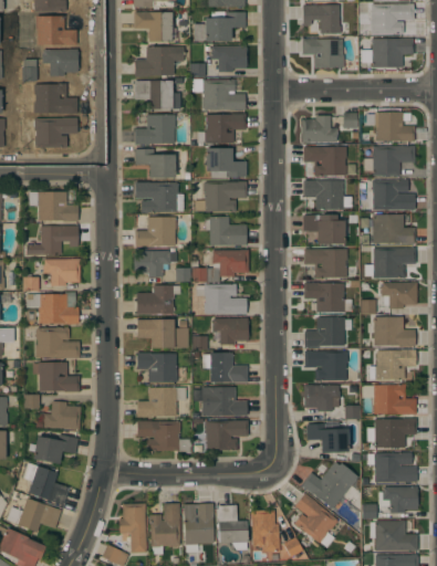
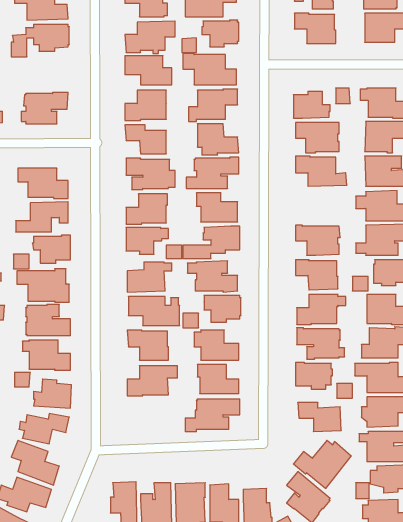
building: [27,84,77,114] -> none
building: [302,214,344,244] -> none
building: [136,421,191,454] -> none

